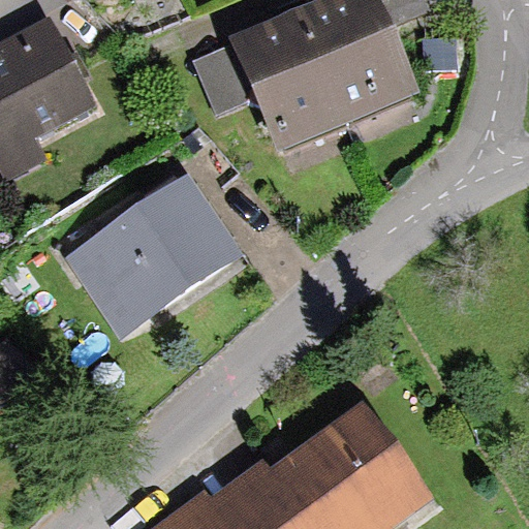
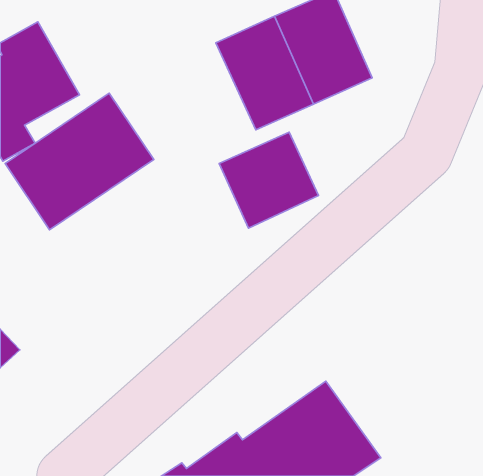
building: none -> [219,132,318,228]
building: [70,184,232,333] -> [5,93,154,230]

